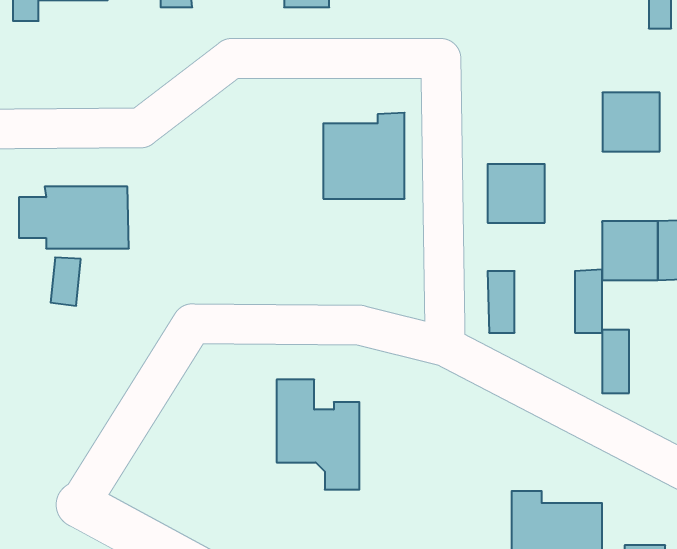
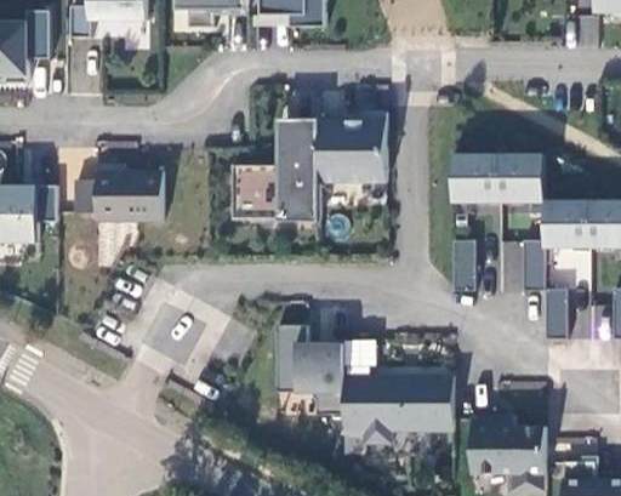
building: [602,93,660,151] -> [497,153,543,200]
building: none -> [230,120,319,220]
building: none -> [348,377,457,444]

